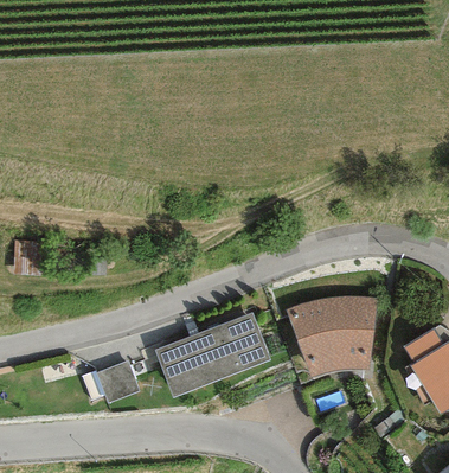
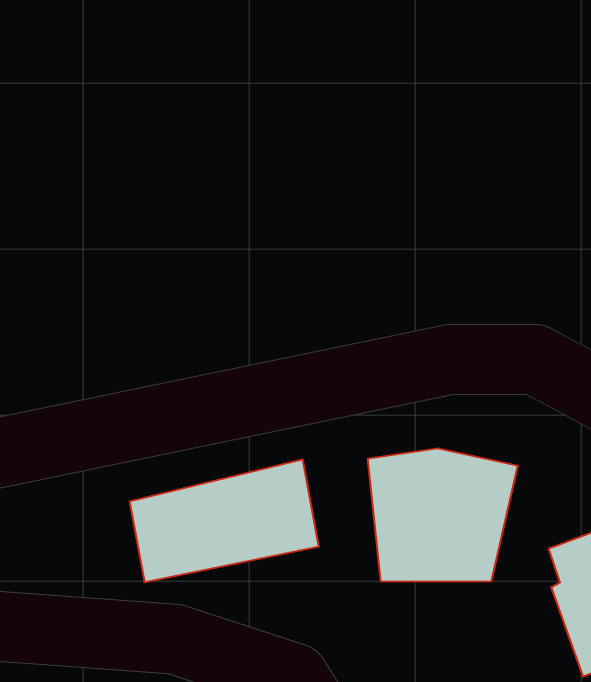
building: [97,356,142,397] -> none

